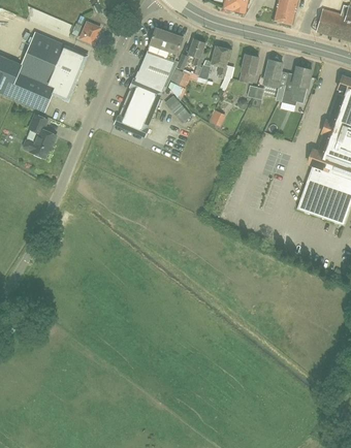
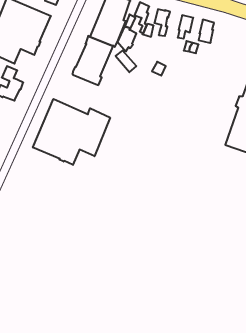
building: [282,66,311,104] -> none
building: none -> [33,99,110,165]

